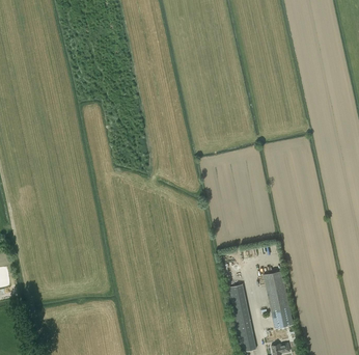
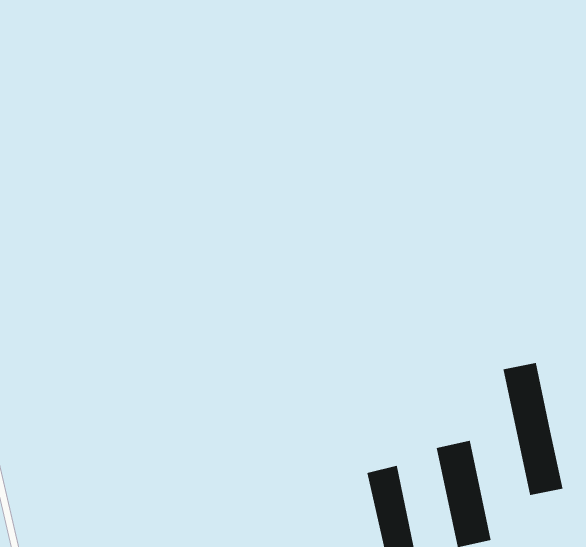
building: none -> [503,362,563,496]

